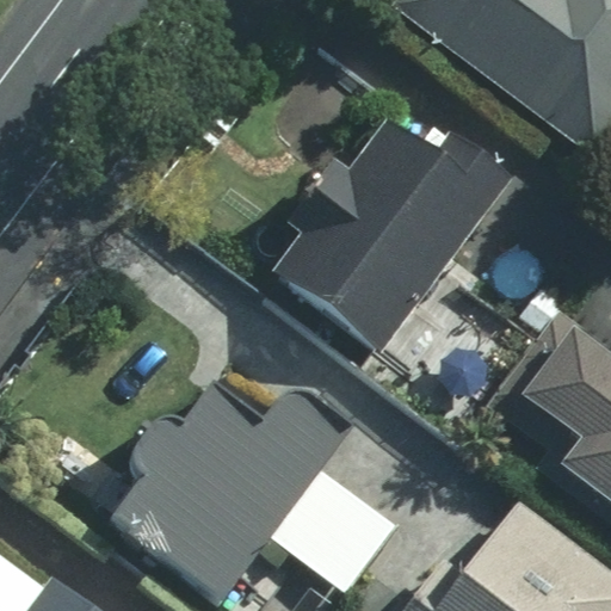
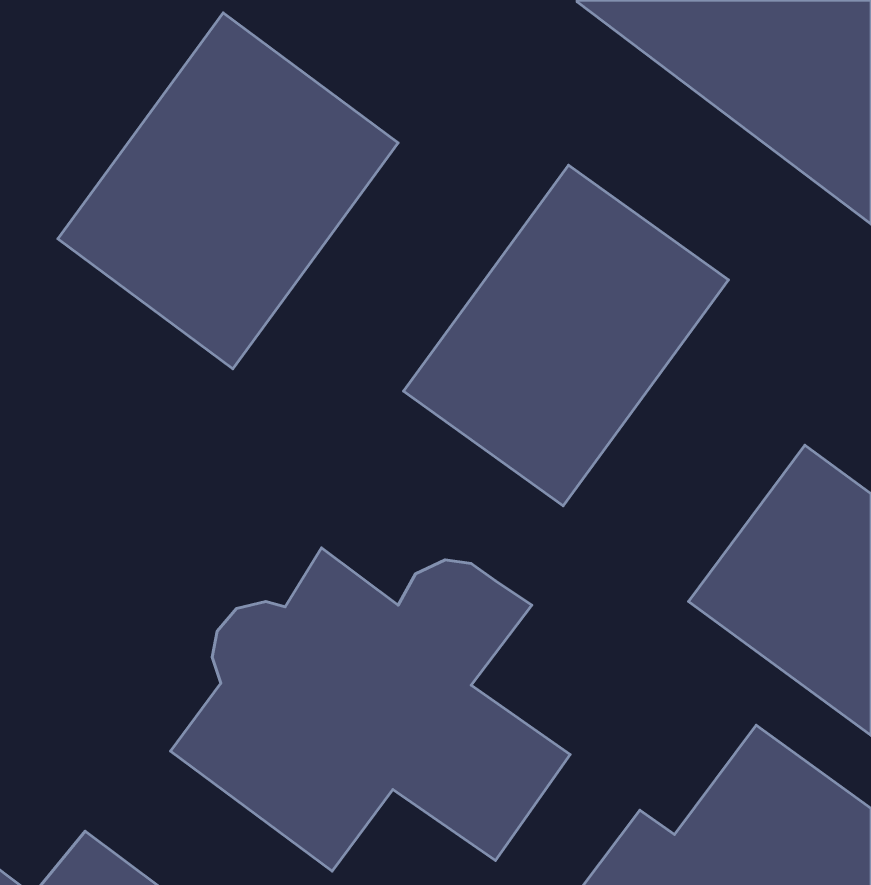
building: none -> [58,13,398,369]

